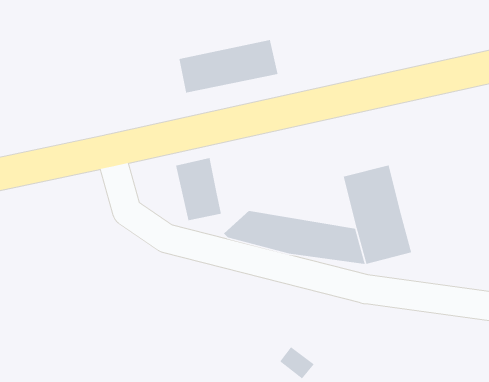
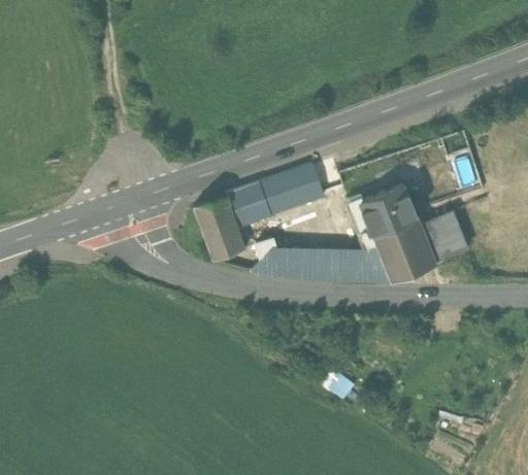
building: [179,39,279,94] -> [227,167,326,231]
building: none -> [419,210,469,264]

